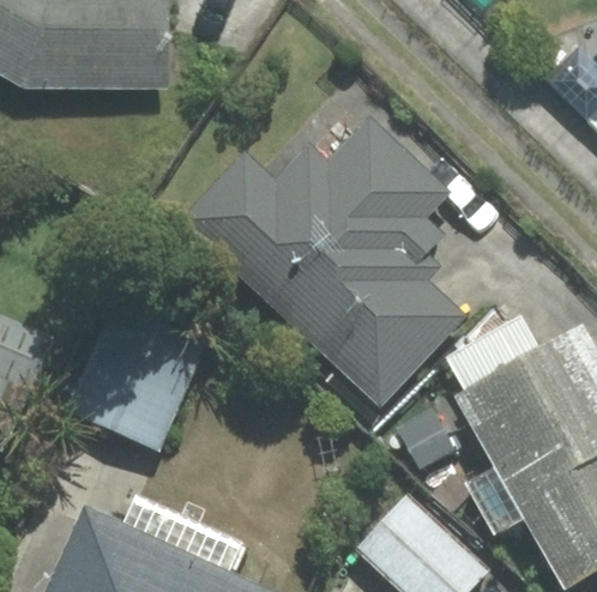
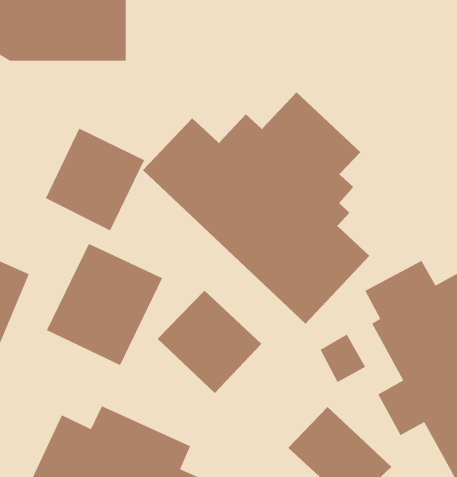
building: none -> [45,127,145,231]
building: none -> [157,290,262,394]

